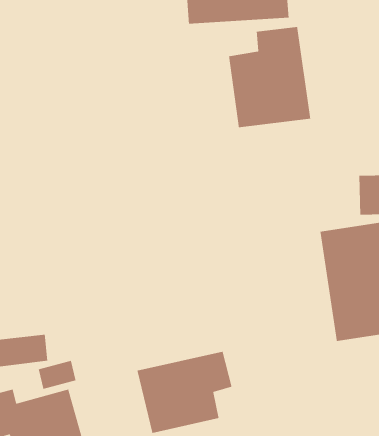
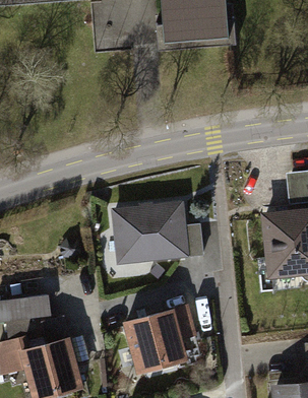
building: [228,26,311,128] -> none
building: none -> [110,203,183,264]

